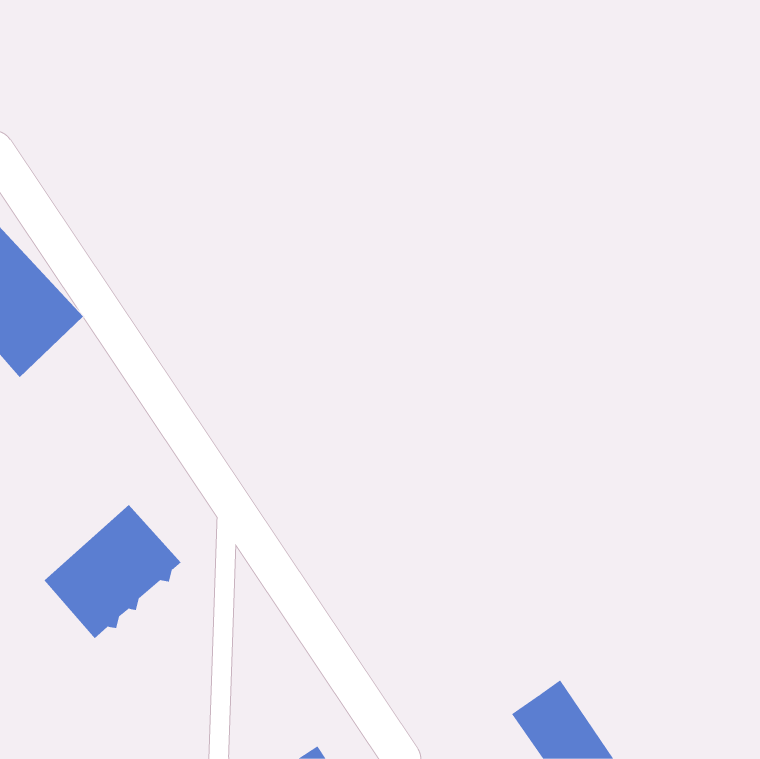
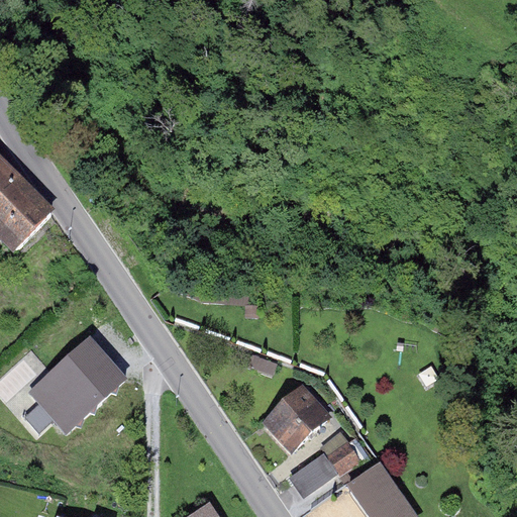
building: none -> [262,387,330,453]
building: none -> [290,431,364,499]

